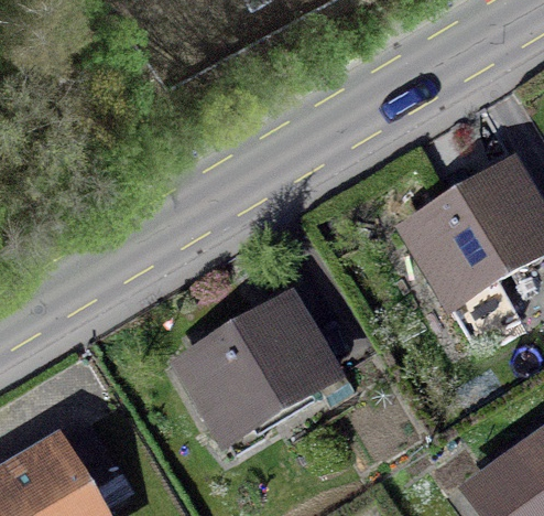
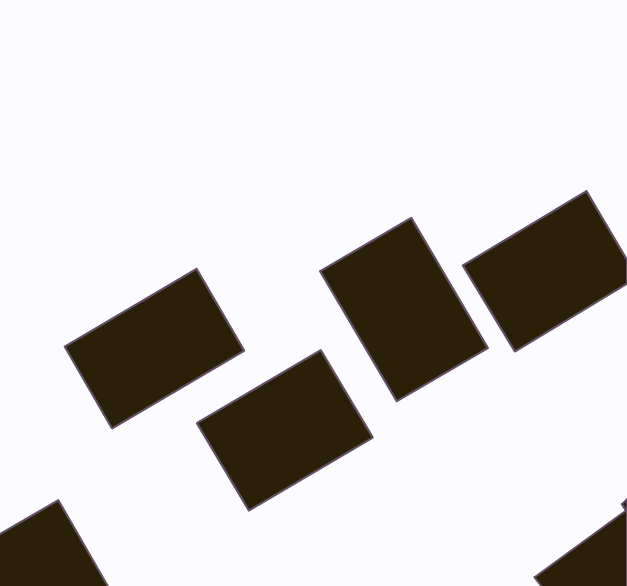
building: none -> [320,218,488,401]
building: none -> [65,269,244,428]

